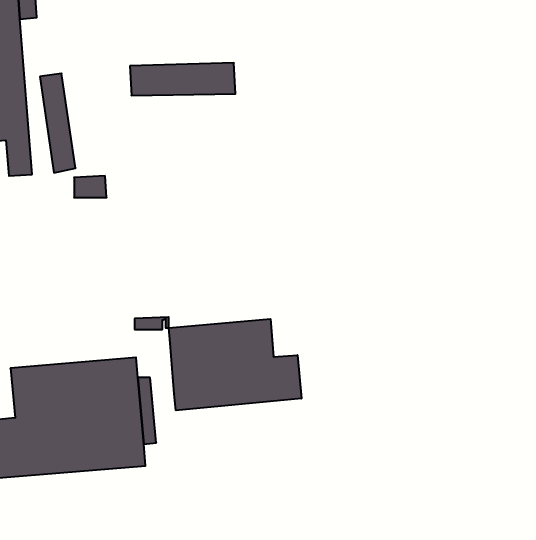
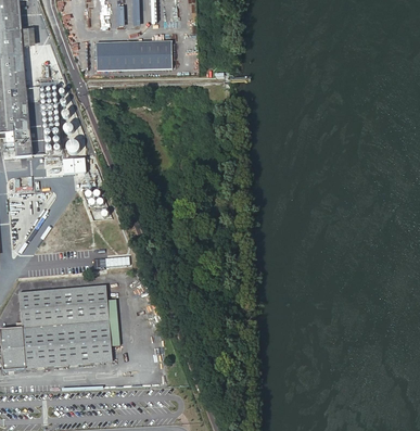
building: [130,63,235,95] -> [97,45,170,67]
building: [169,319,301,410] -> none

